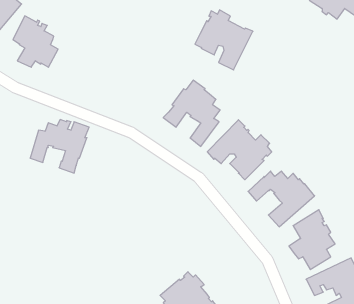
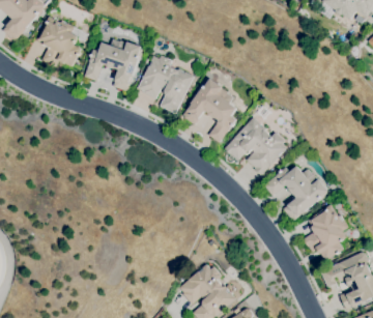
building: [195,10,253,70] -> [138,55,194,113]
building: [30,120,89,173] -> [85,39,142,91]

